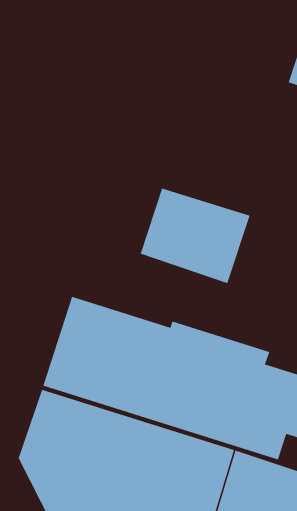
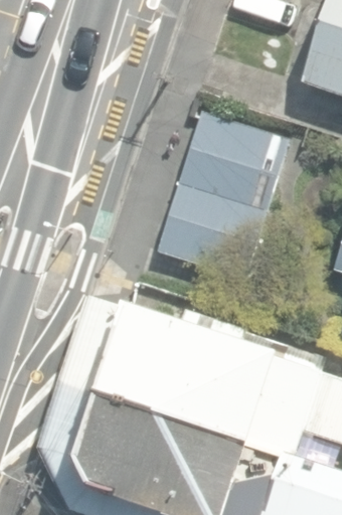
building: none -> [180,113,291,212]

